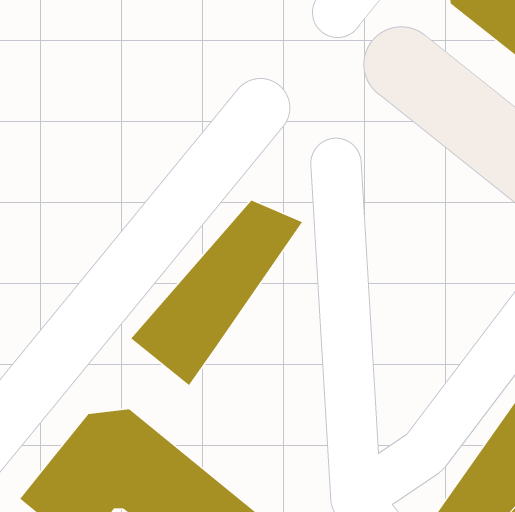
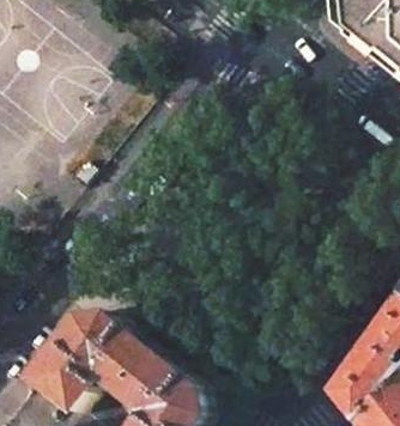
building: [130,200,303,386] -> none

